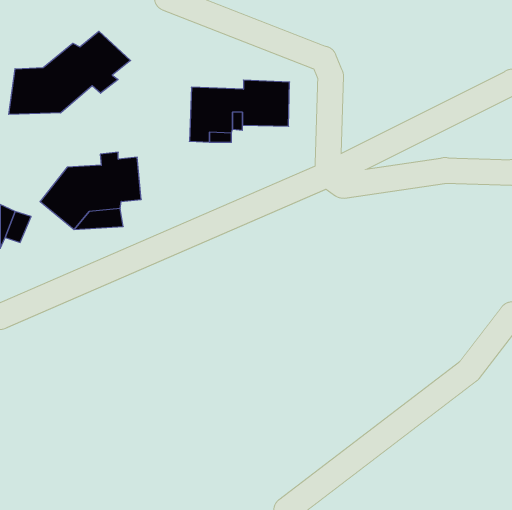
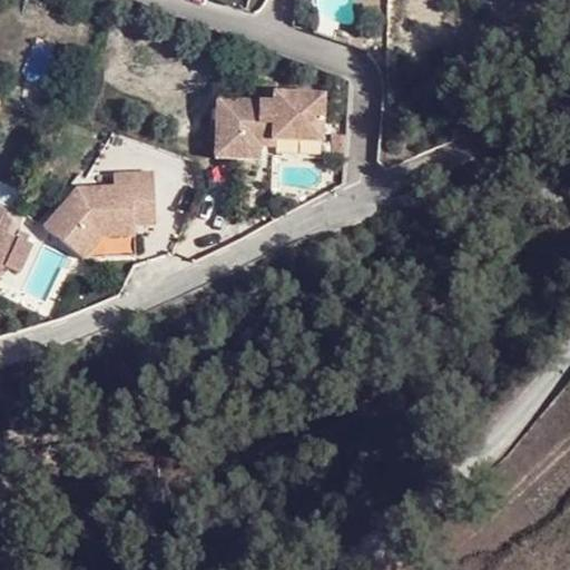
building: [9,31,131,114] -> none

